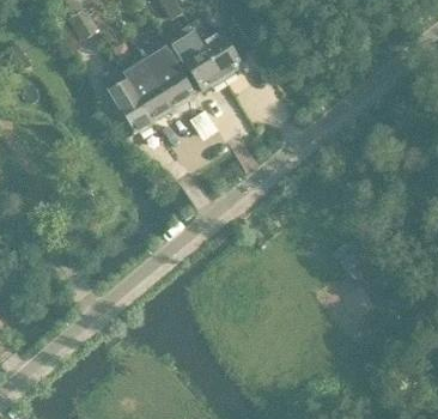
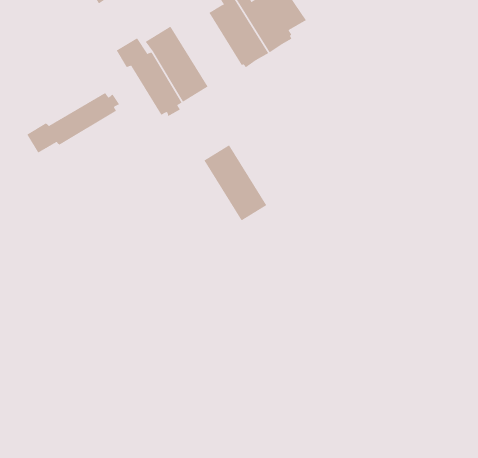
building: [142,44,195,108] -> [204,144,267,221]
building: none -> [27,92,120,153]

